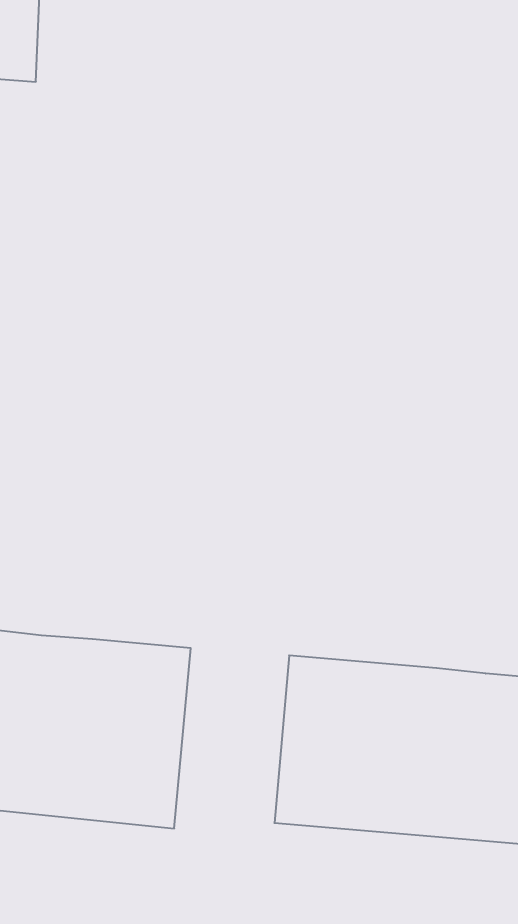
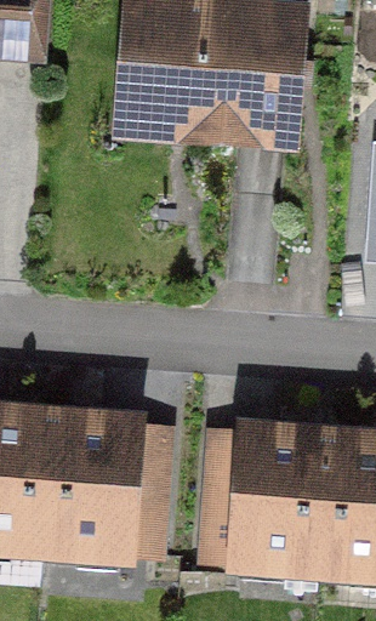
building: none -> [133,18,291,131]

